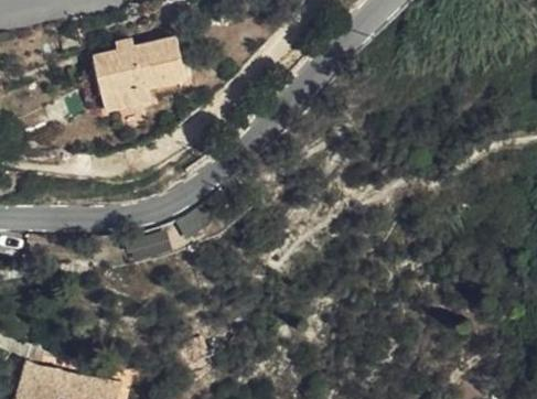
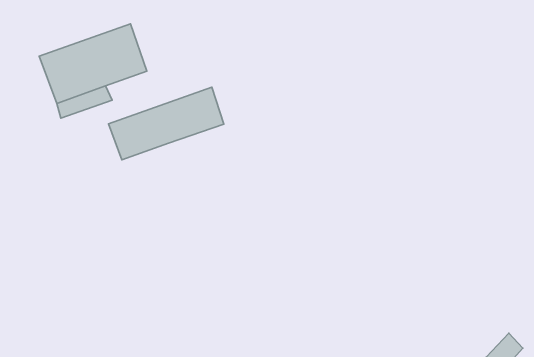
building: none -> [108,87,224,160]

